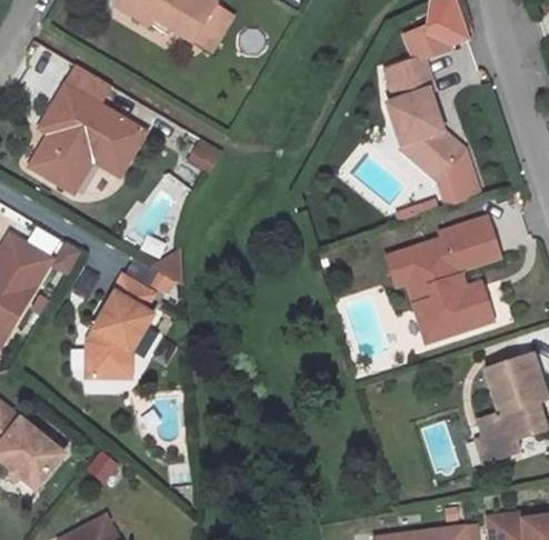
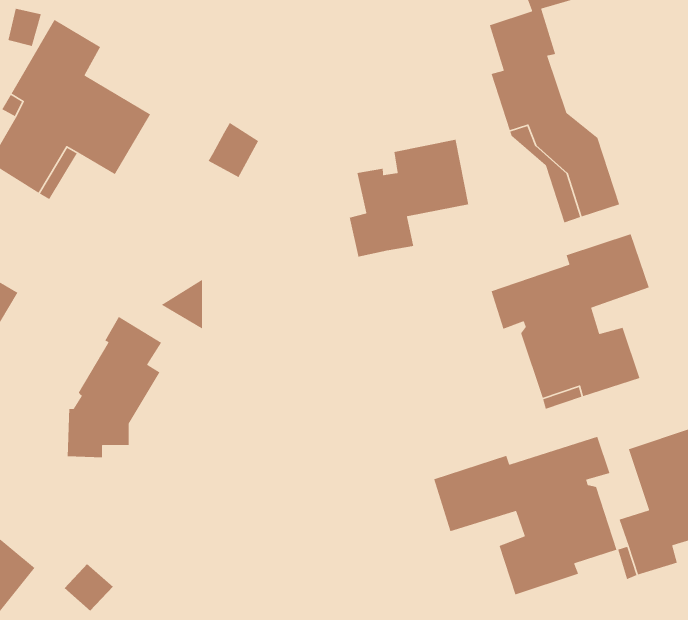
building: none -> [349,139,469,258]
building: none -> [433,436,617,596]

